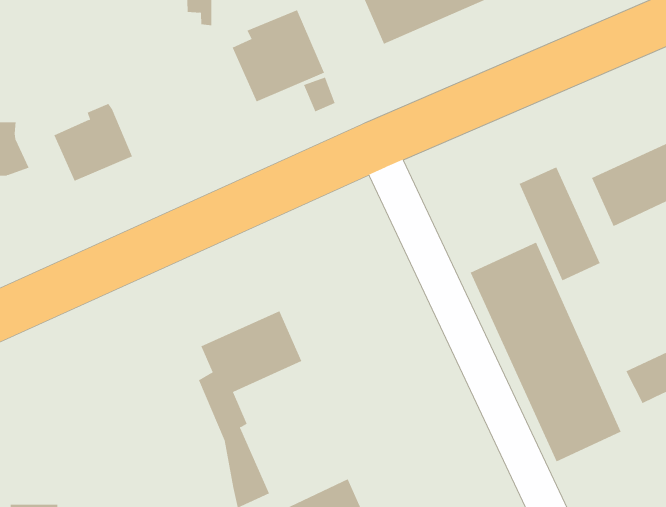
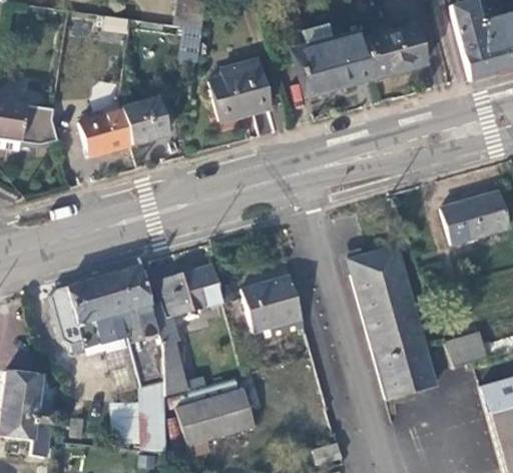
building: none -> [121,100,167,144]
building: [519,167,601,281] -> none
building: none -> [239,275,302,333]
building: none -> [52,266,163,387]

